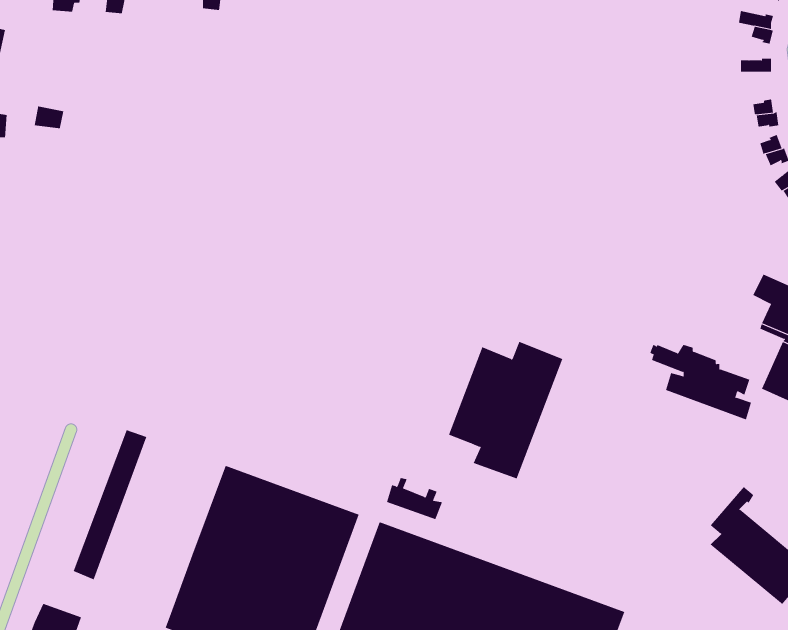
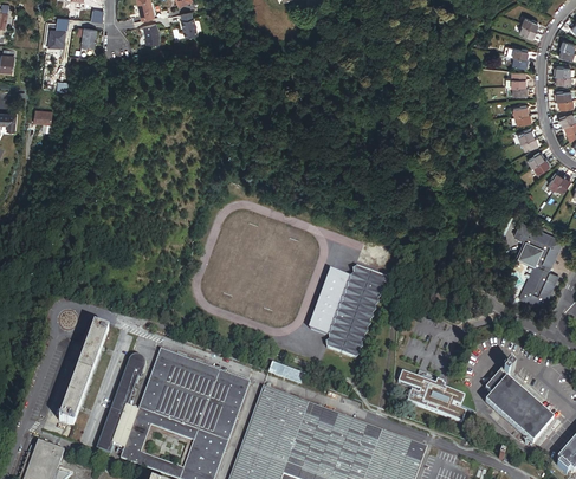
building: [649,344,752,420] -> [397,370,466,421]
building: none -> [95,354,143,453]

